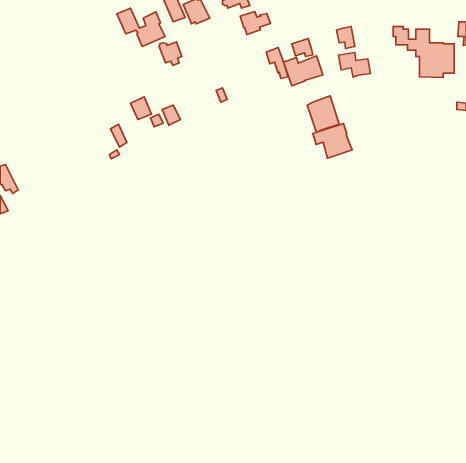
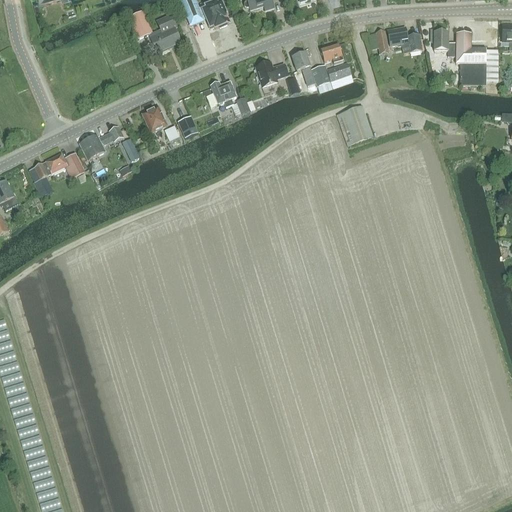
building: [240,12,270,34] -> [255,61,288,86]
building: [159,42,182,66] -> [211,80,236,106]
building: [339,52,370,77] -> [387,26,422,53]
building: none -> [79,125,123,159]
building: [313,123,352,158] -> none
building: none -> [29,151,84,196]

